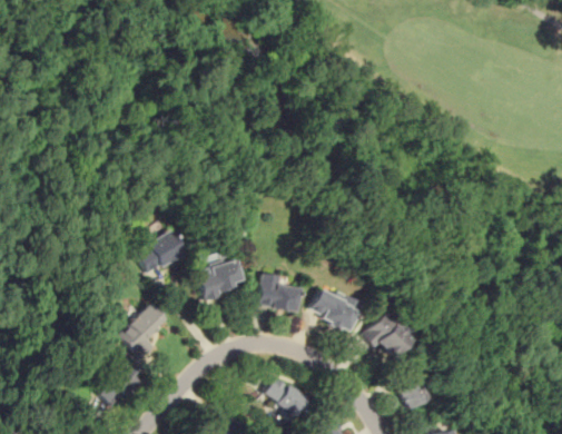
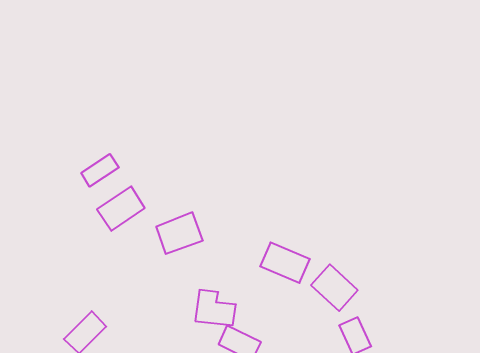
building: none -> [81,154,119,187]
building: [258,274,302,312] -> [195,290,236,325]
building: [120,304,170,357] -> none

